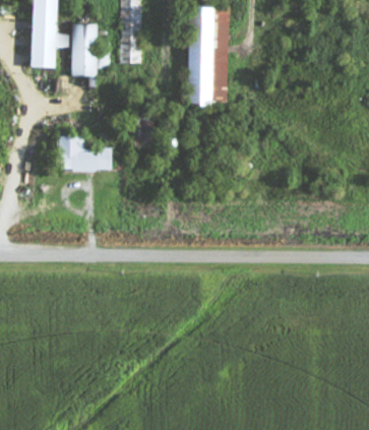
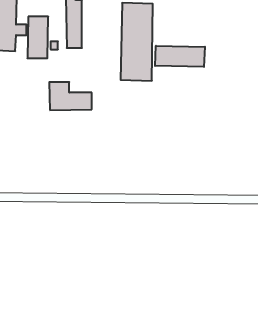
building: none -> [155,46,205,67]
building: [58,135,112,171] -> [49,82,92,110]

